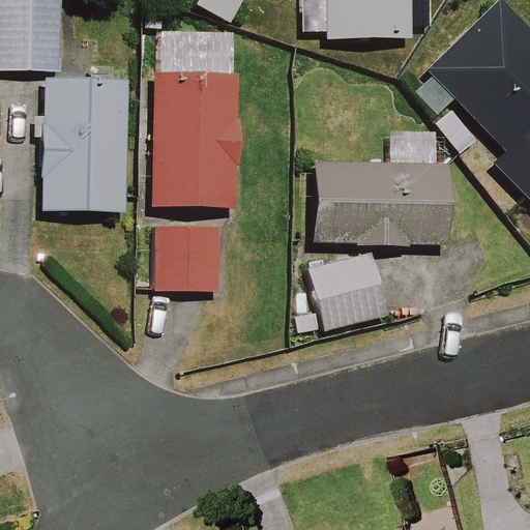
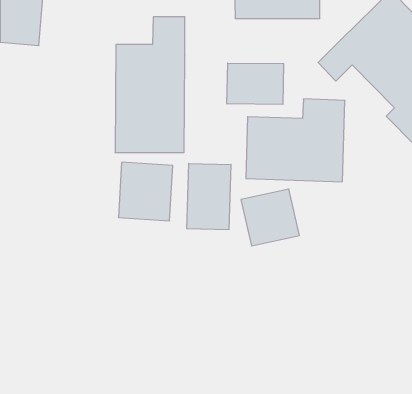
building: [45,79,128,210] -> none
building: none -> [227,63,284,104]
building: none -> [187,163,231,230]

